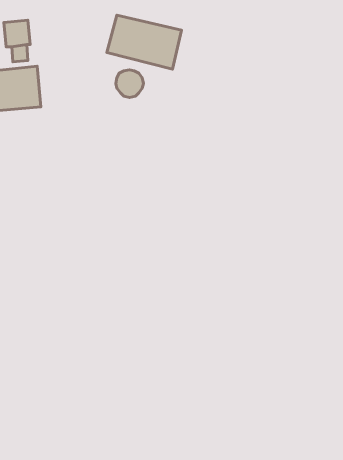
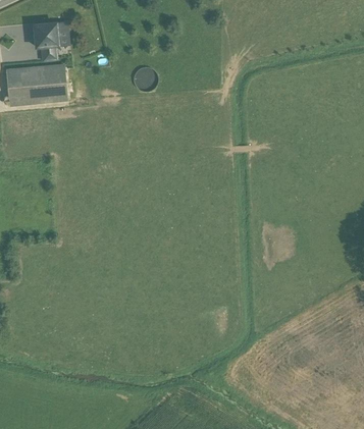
building: [107,15,181,69] -> none

